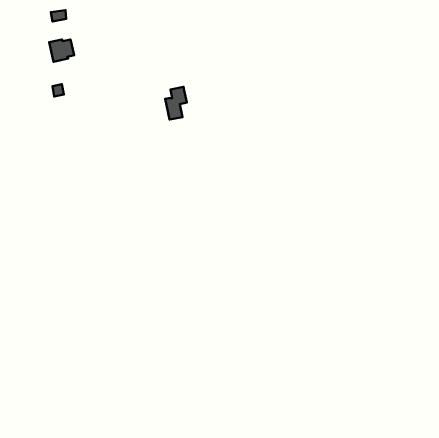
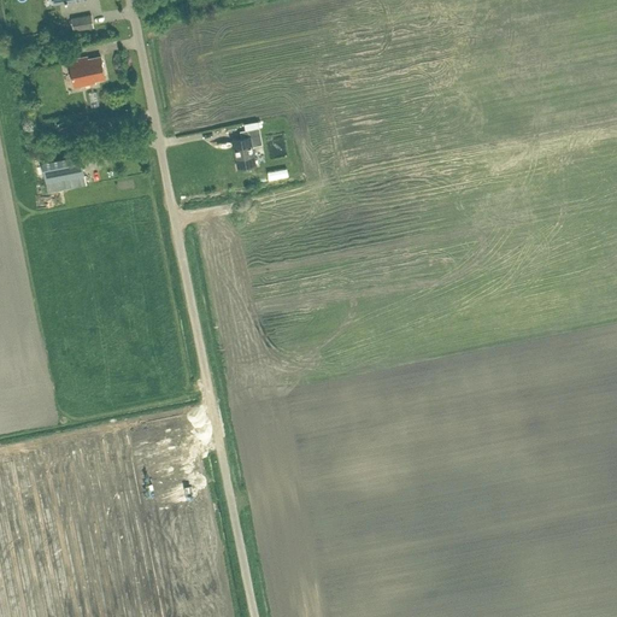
building: none -> [41,158,83,186]

